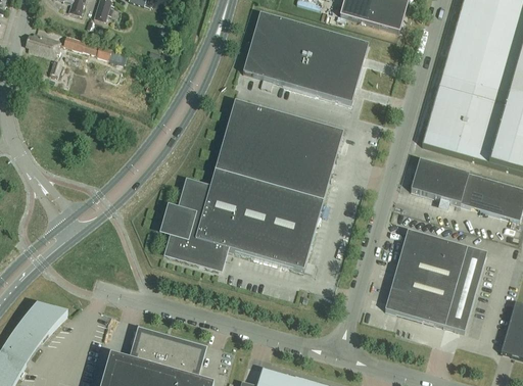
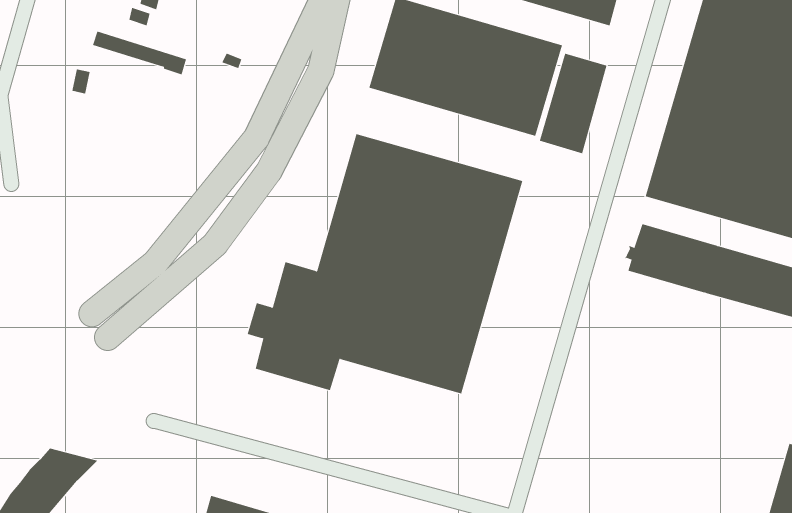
building: [26,32,59,57] -> none
building: none -> [539,53,607,154]
building: [385,230,487,332] -> none

